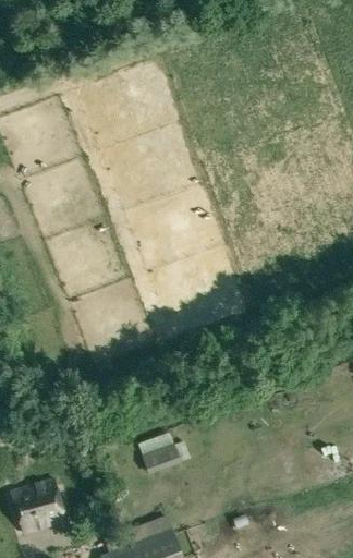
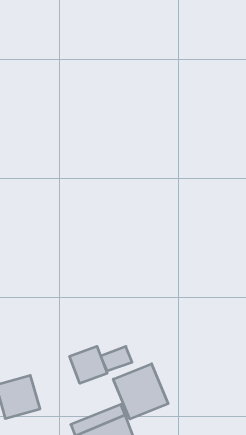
building: none -> [70,346,107,383]
building: none -> [113,364,168,419]

